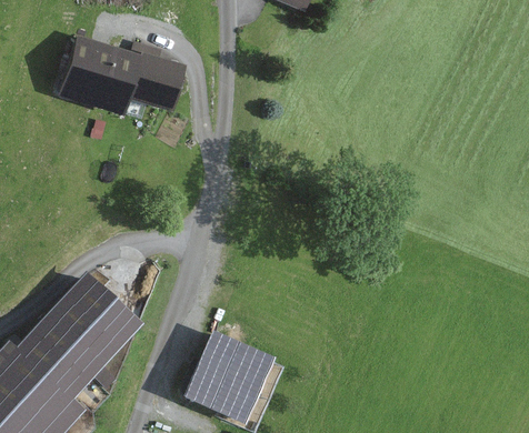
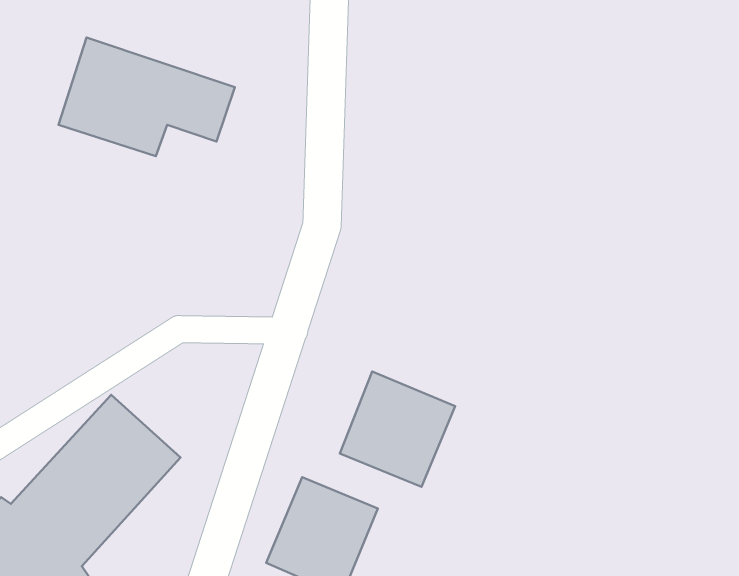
building: none -> [340,372,455,487]

